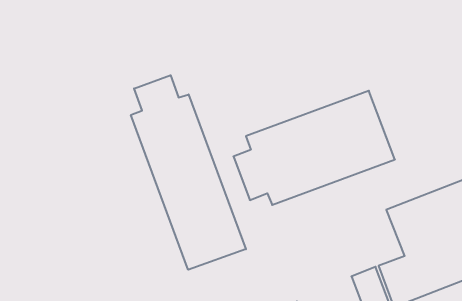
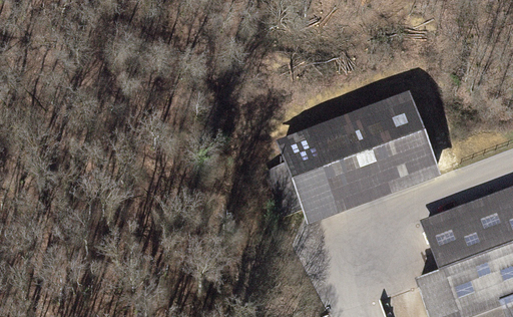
building: [131,75,246,270] -> none

